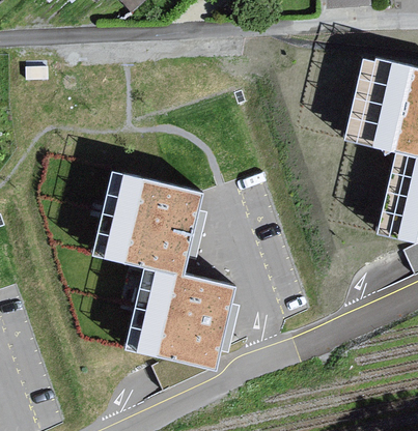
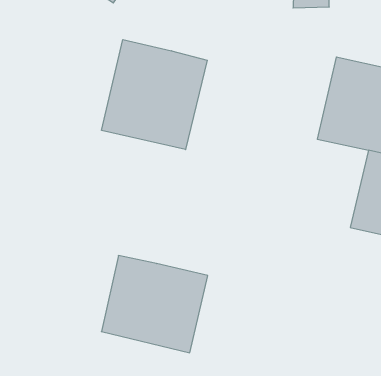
building: none -> [102,40,207,150]
building: [90,169,201,274] -> none

